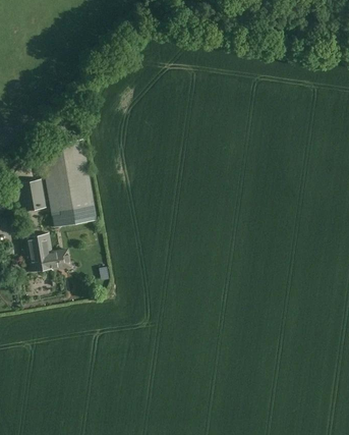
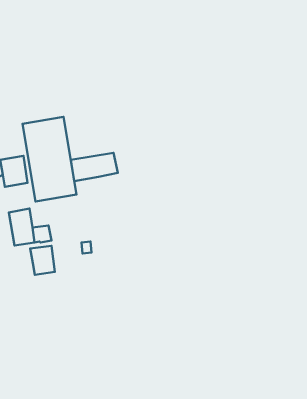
building: none -> [71,153,118,181]
building: none -> [30,246,55,275]

